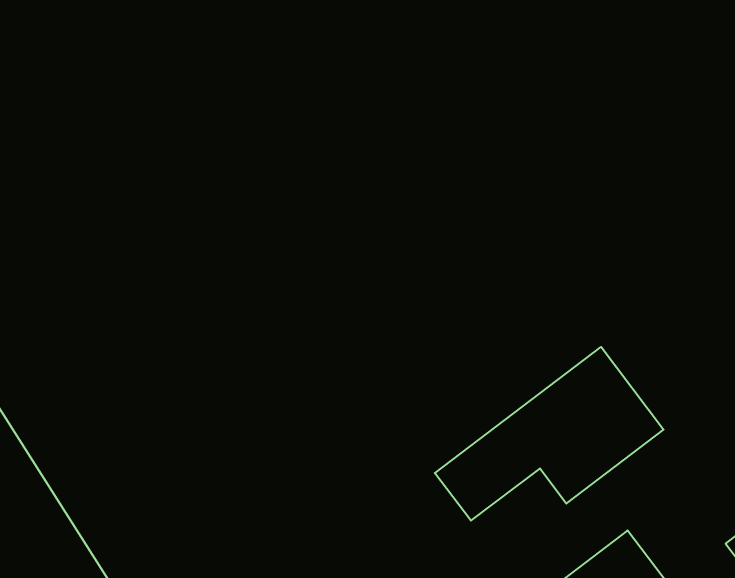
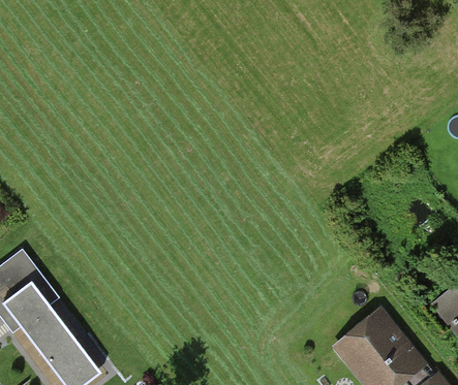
building: [435,347,664,521] -> none

